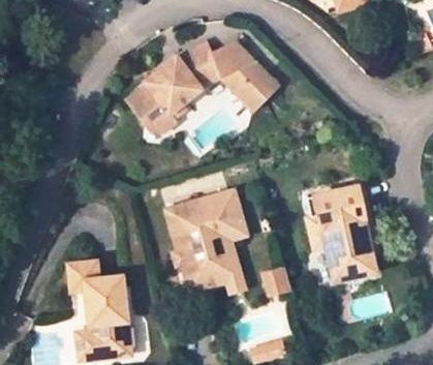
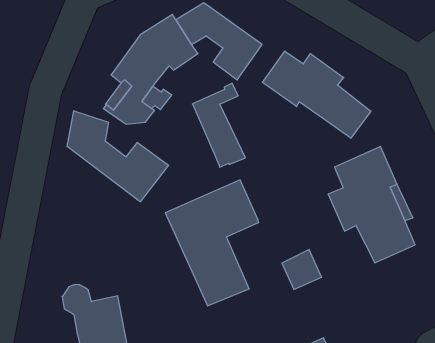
building: none -> [262,51,371,138]
building: none -> [67,111,169,202]
building: [215,229,254,297] -> [192,83,245,167]

